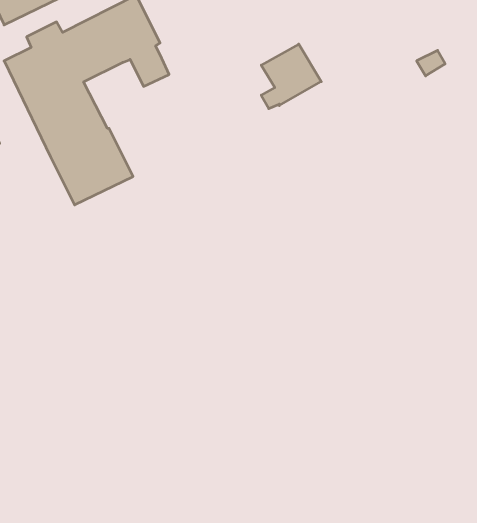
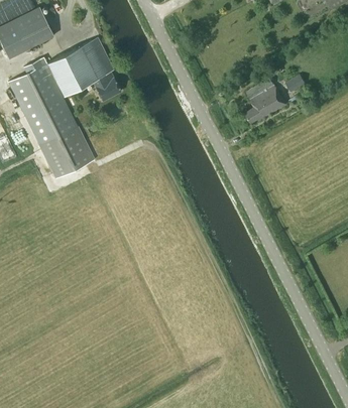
building: [261,44,321,109] -> [245,79,285,122]

